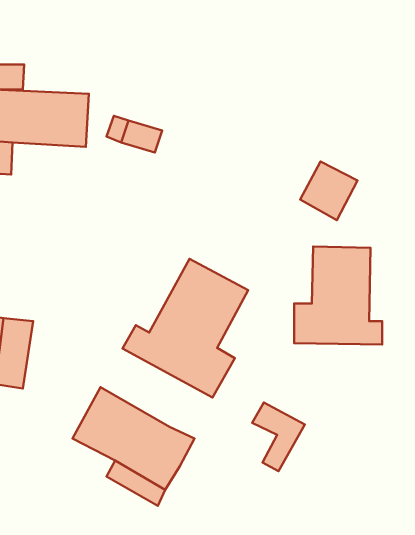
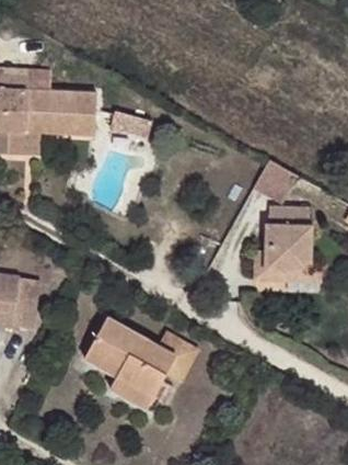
building: [123,259,248,397] -> none
building: [252,402,305,471] -> [156,332,196,384]

